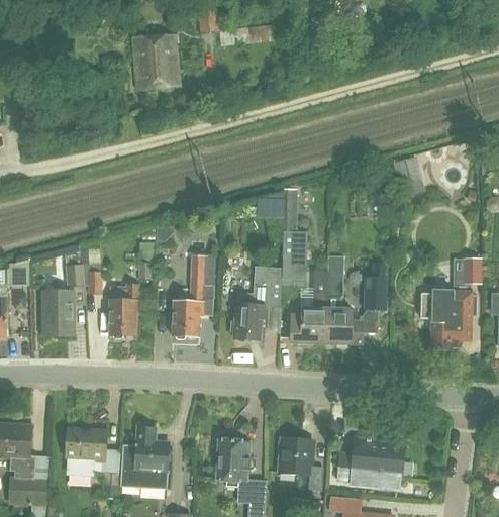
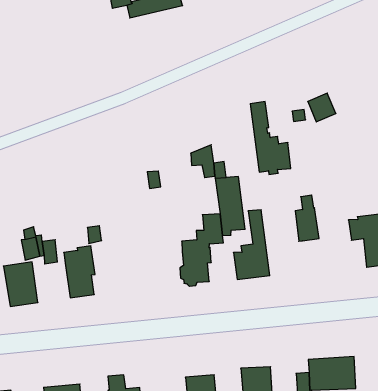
building: [132,33,180,89] -> none
building: [172,254,213,336] -> none
building: [326,268,362,346] -> [250,102,291,174]

